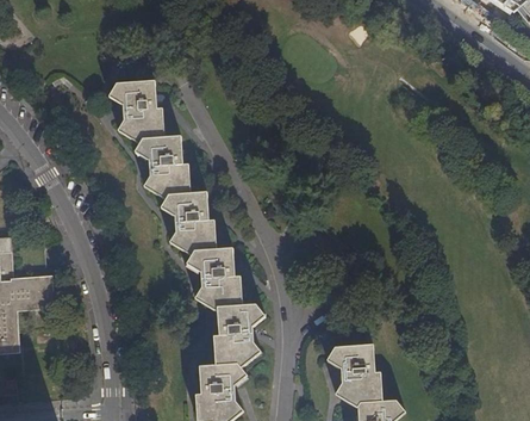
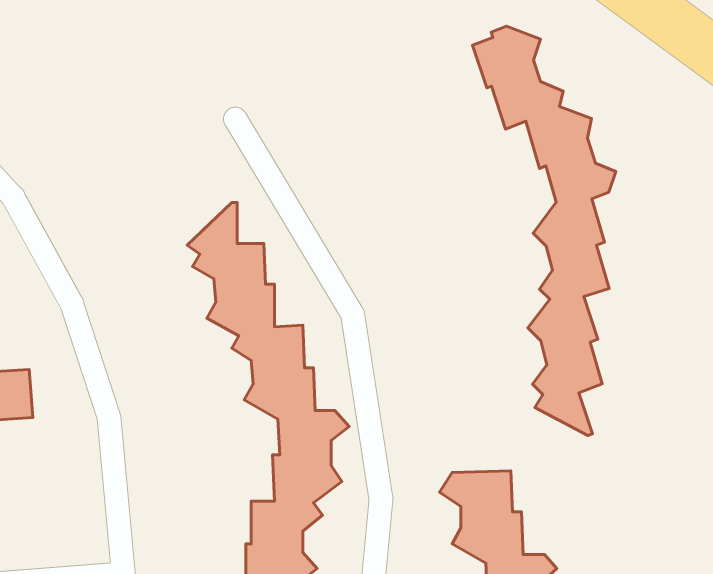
building: none -> [473,26,616,436]
building: [110,80,186,193] -> none

